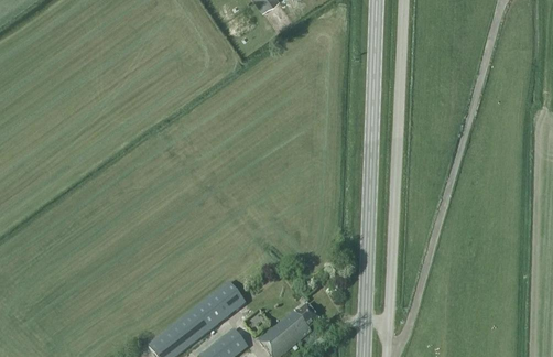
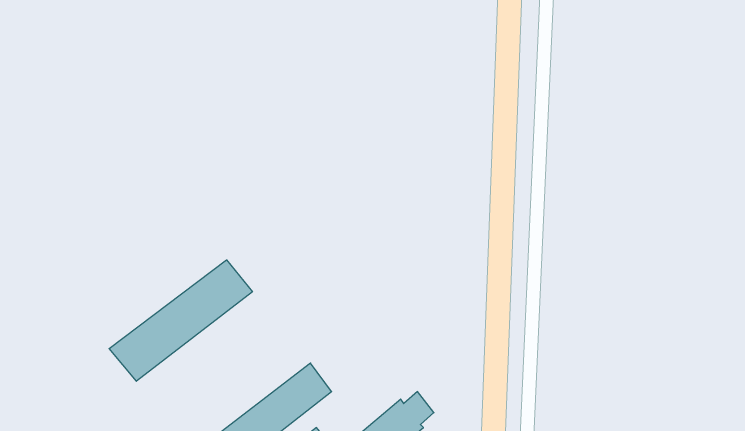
building: none -> [109,260,252,381]

